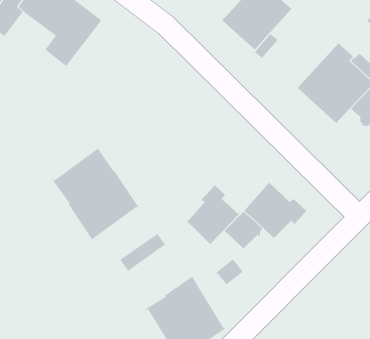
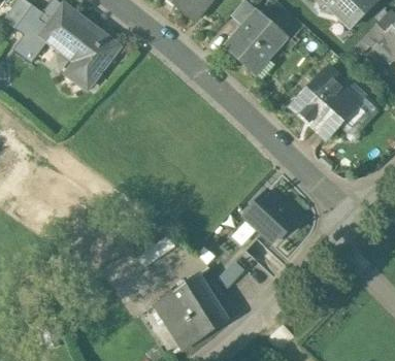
building: [51,145,139,241] -> none
building: [186,185,240,245] -> none

